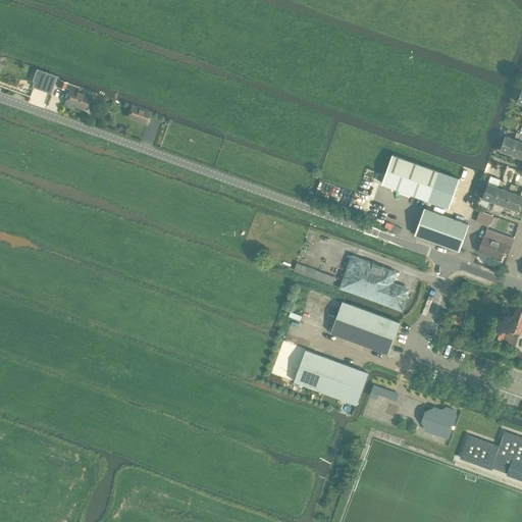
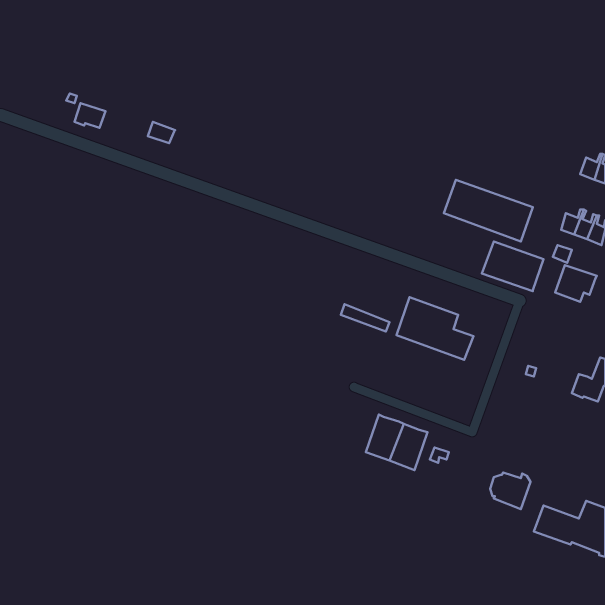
building: [32,69,56,94] -> none
building: [330,301,400,354] -> none
building: [271,342,326,389] -> none

